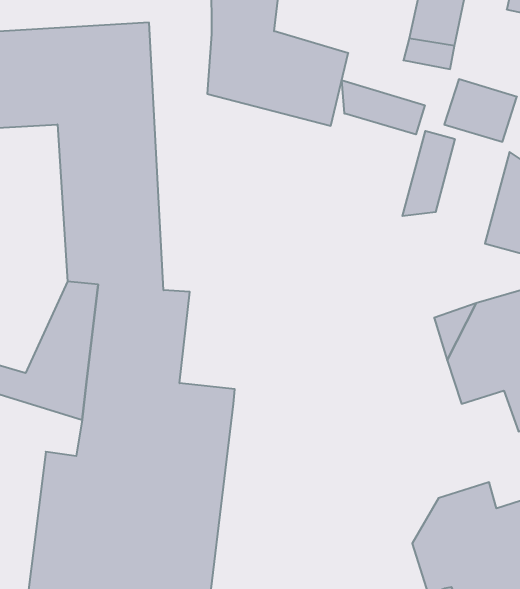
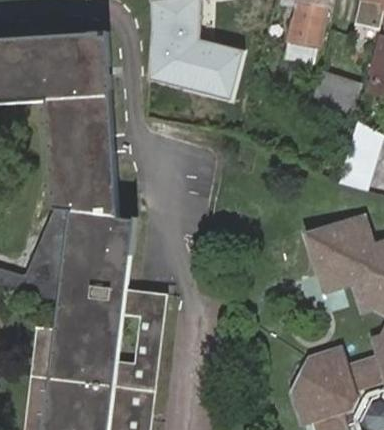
building: [342,80,425,134] -> none
building: [402,131,455,216] -> none

